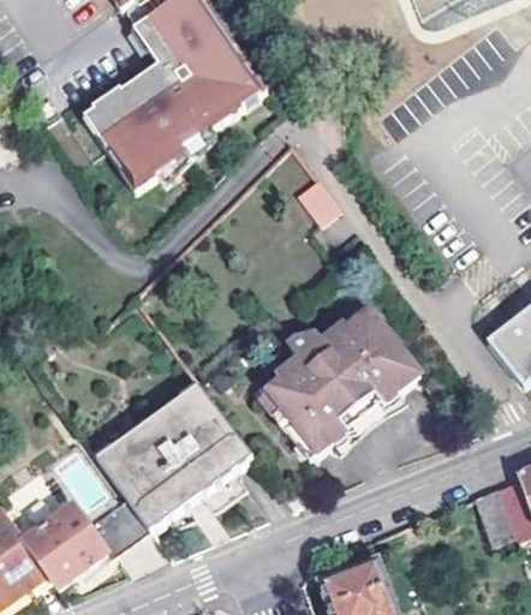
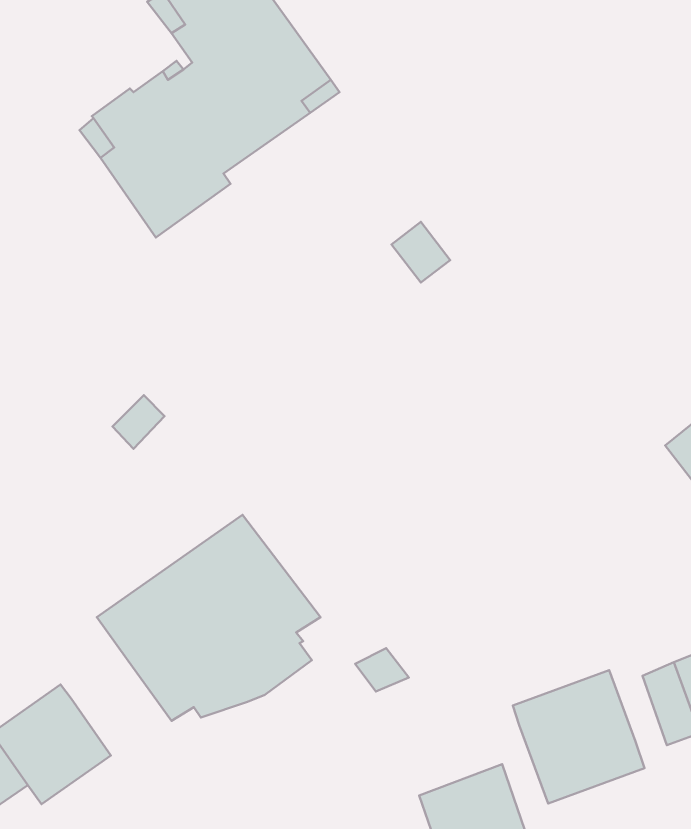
building: [258,304,417,455] -> none
building: [78,484,148,556] -> none
building: none -> [513,670,645,804]

